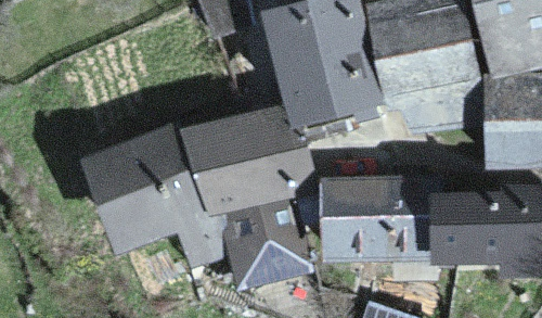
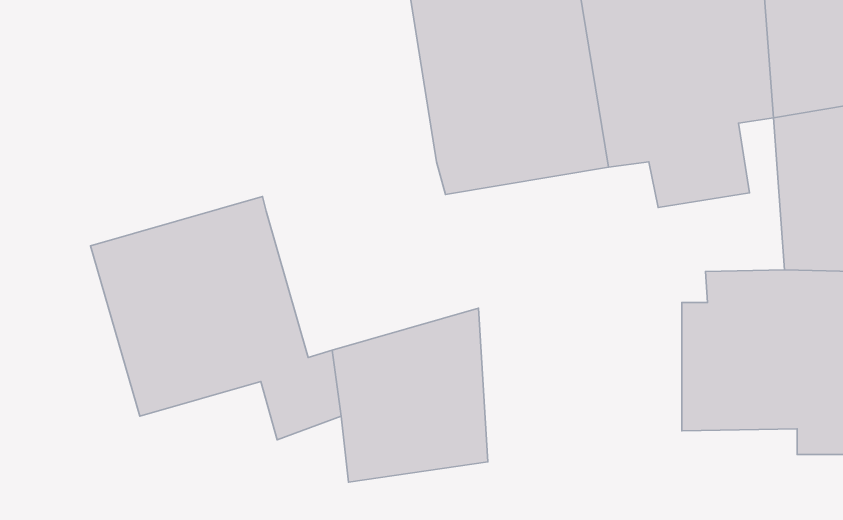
building: [182,104,308,220] -> none
building: [319,169,443,280] -> none

